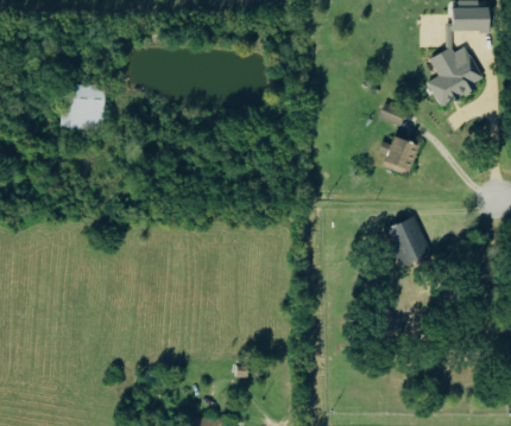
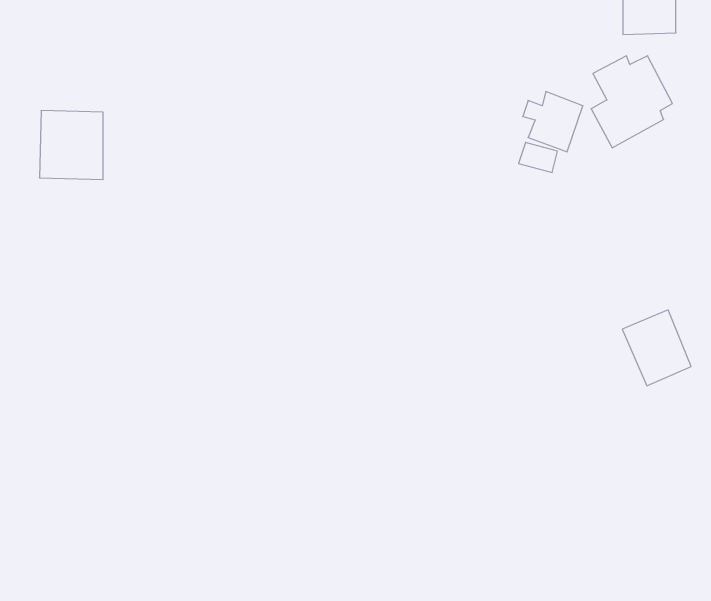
building: [379,135,419,176] -> [523,92,583,152]
building: [385,216,431,267] -> [622,310,691,386]

